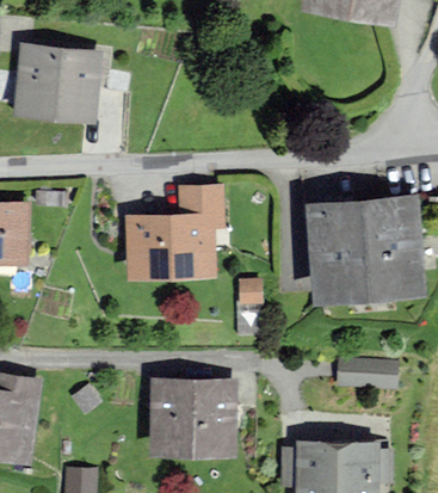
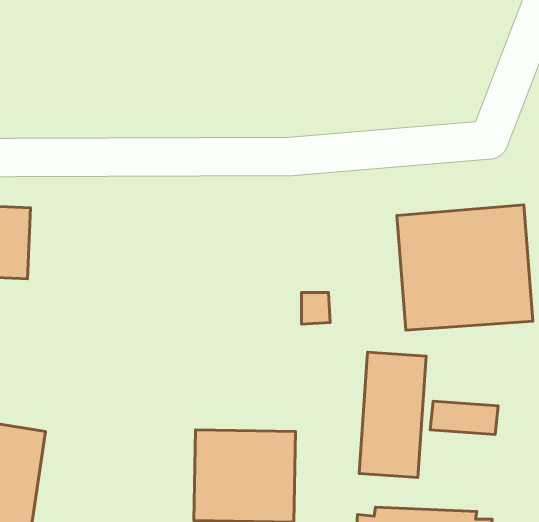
building: [17,47,98,117] -> none
building: [132,184,224,275] -> none
building: none -> [359,352,426,477]

